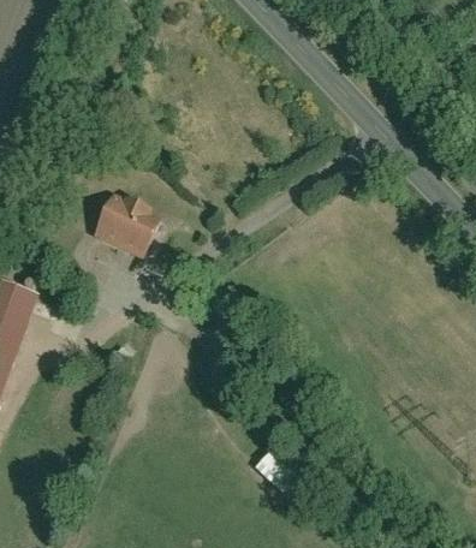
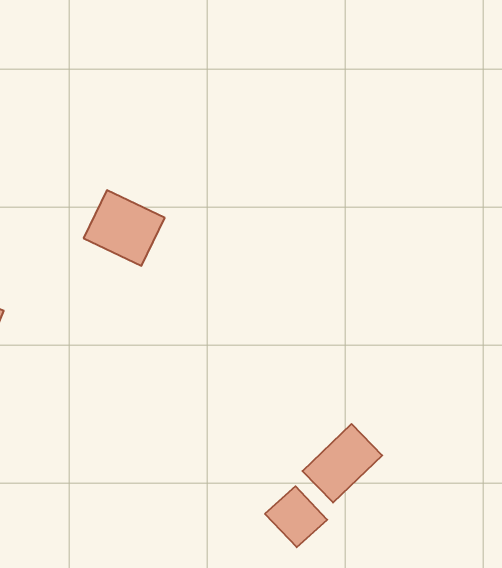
building: none -> [302,424,382,503]

